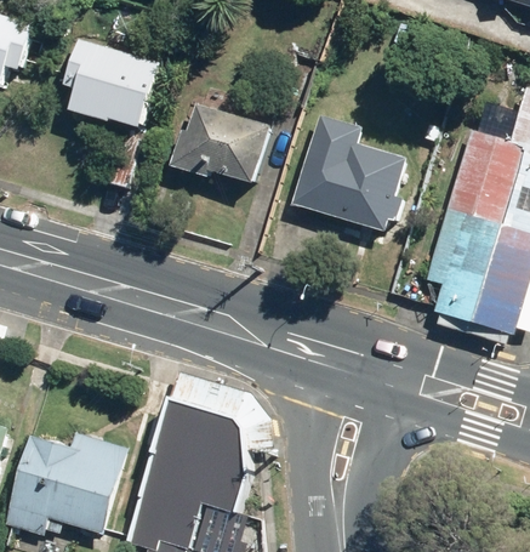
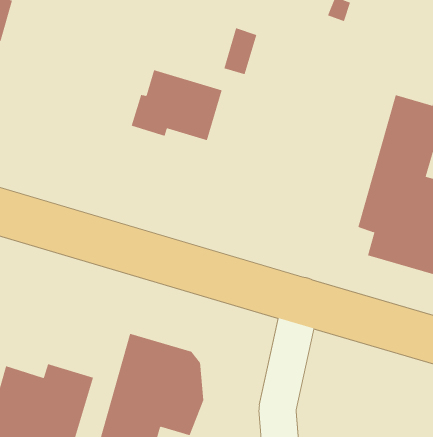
building: [63,39,161,190] -> none
building: [290,116,405,233] -> none

